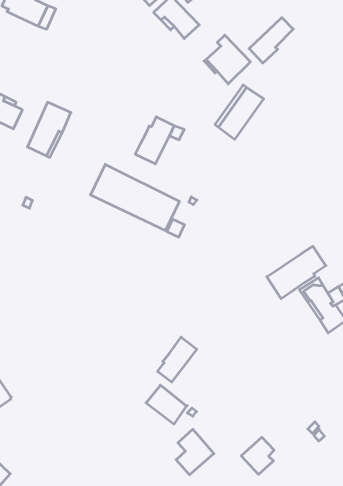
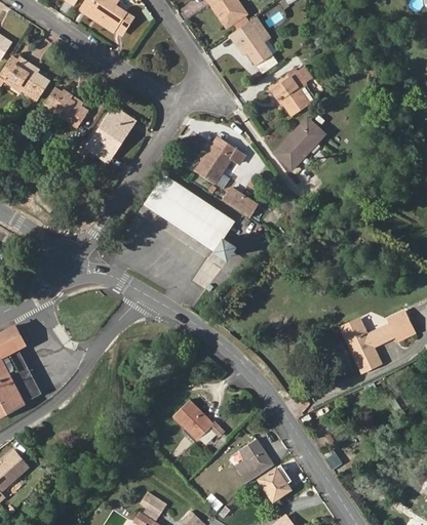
building: [249,18,293,63] -> none
building: none -> [221,184,259,218]
building: [267,246,326,299] -> none
building: [158,337,197,382] -> none
building: [176,429,214,475] -> [234,439,272,483]

